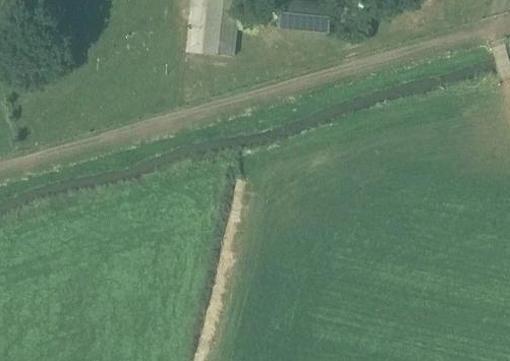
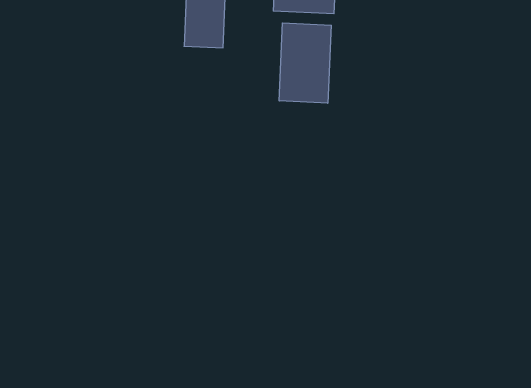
building: none -> [279,23,331,103]

